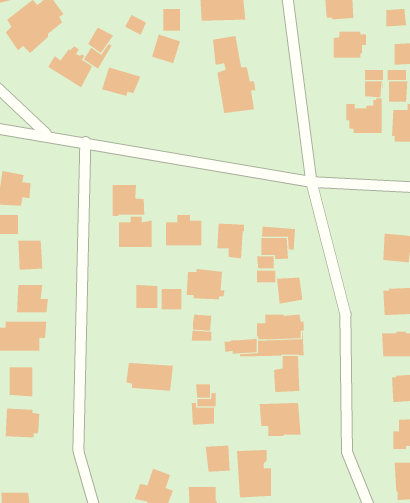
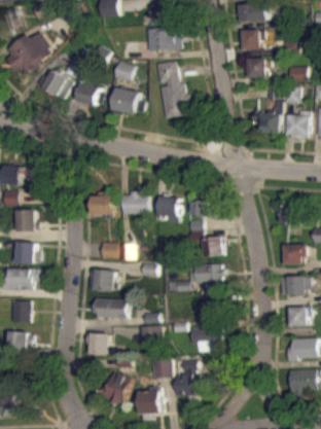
building: none -> [113,87,140,114]
building: [112,184,145,217] -> none
building: [186,269,226,300] -> [91,267,119,290]
building: none -> [87,332,111,355]

